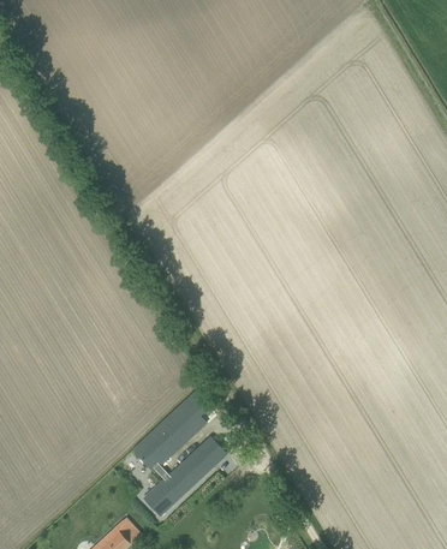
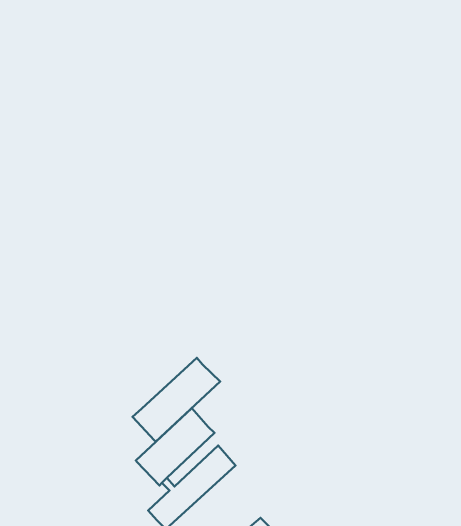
building: none -> [133,358,220,442]

